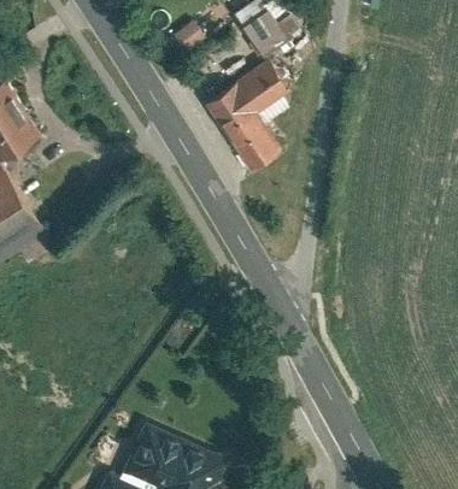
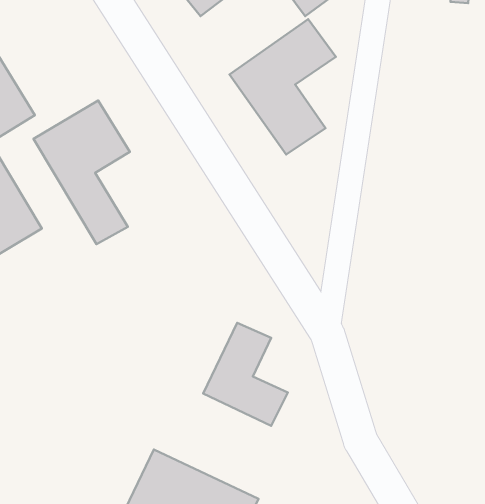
building: none -> [34,100,130,244]
building: none -> [203,323,288,426]

